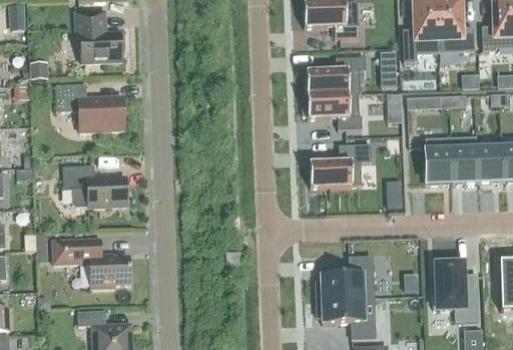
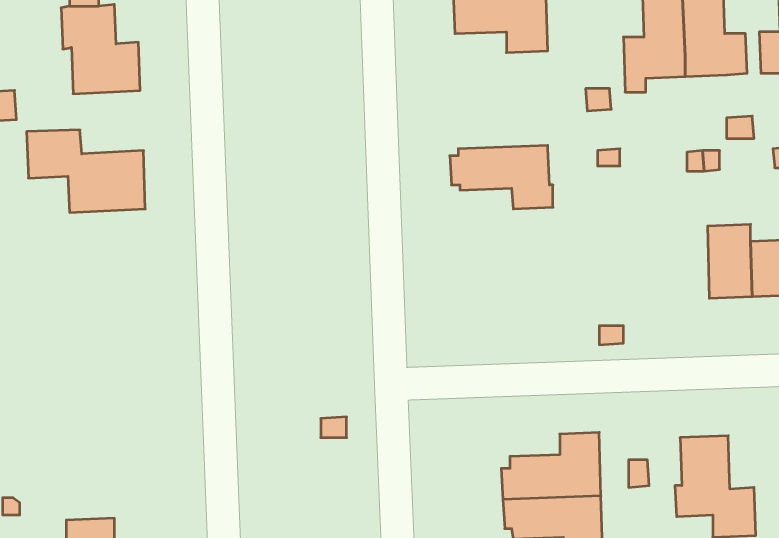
building: [305,56,366,94] -> none
building: [425,139,452,183] -> none
building: [309,143,371,188] -> none
building: [62,164,126,207] -> none
building: [52,238,130,288] -> none

